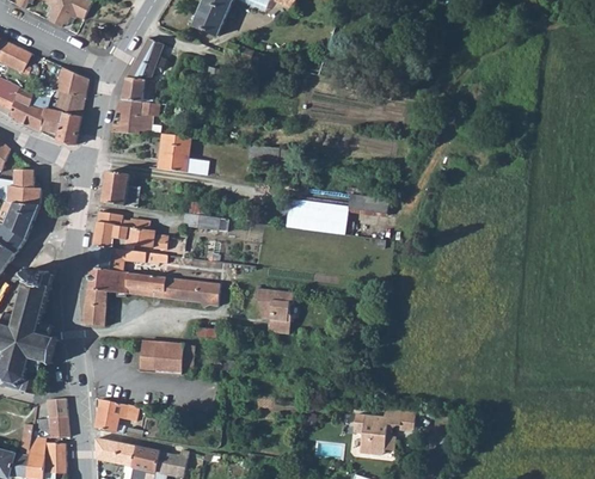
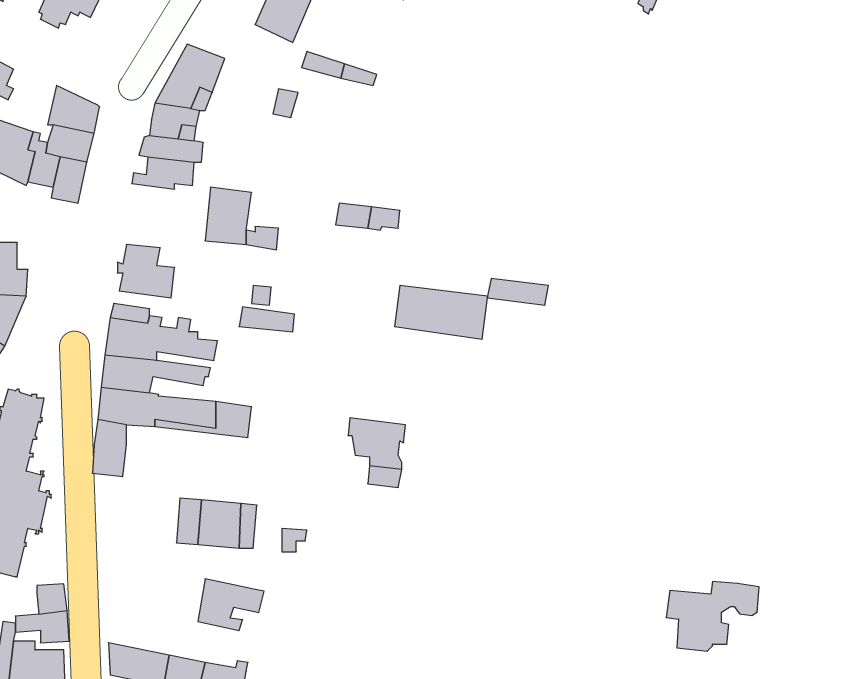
building: [186,280,219,307] -> none
building: [93,398,137,432] -> [198,579,264,631]
building: [351,407,413,454] -> [666,582,759,651]

